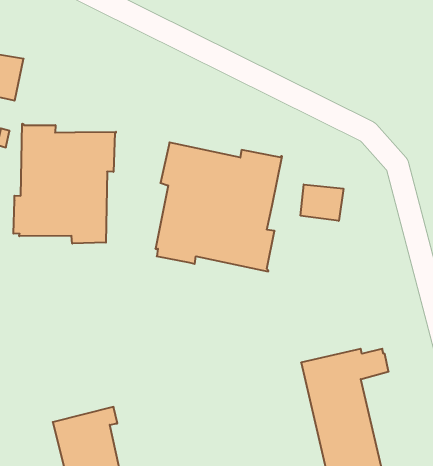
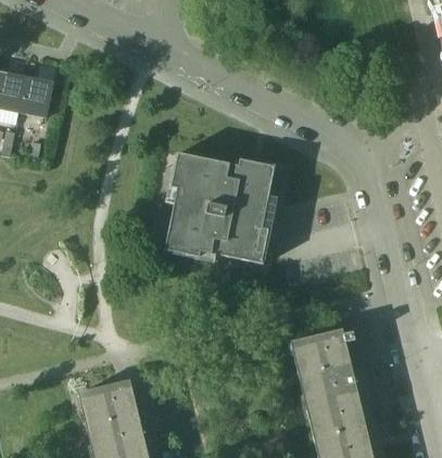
building: [13,124,116,244] -> none
building: [301,184,343,221] -> none

